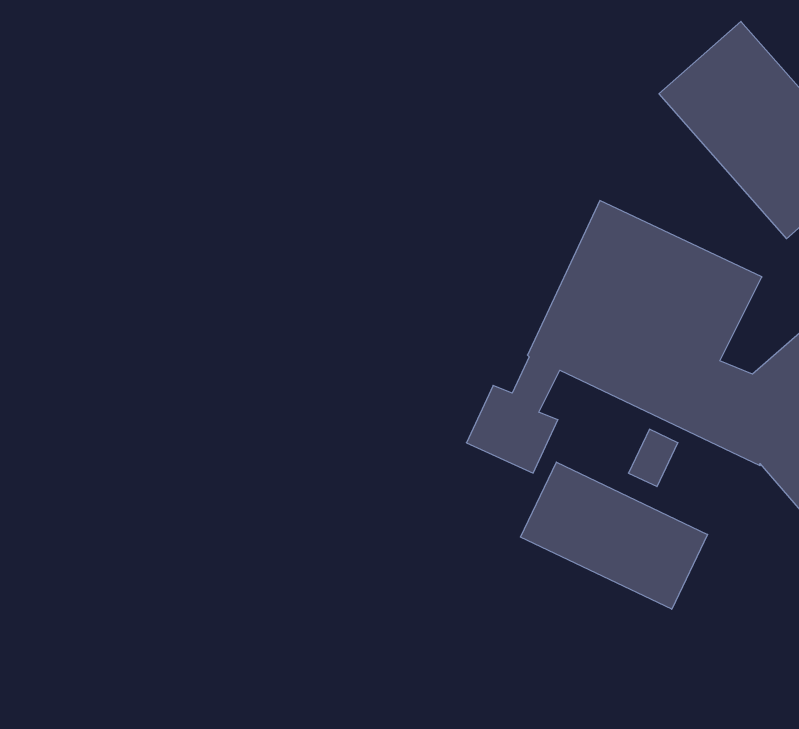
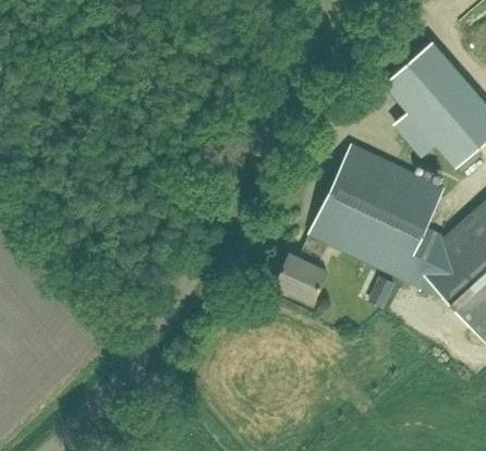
building: none -> [392,111,436,157]
building: [520,462,708,609] -> none

